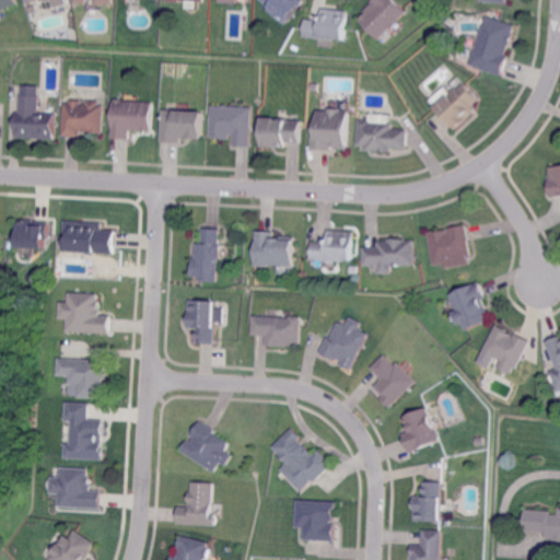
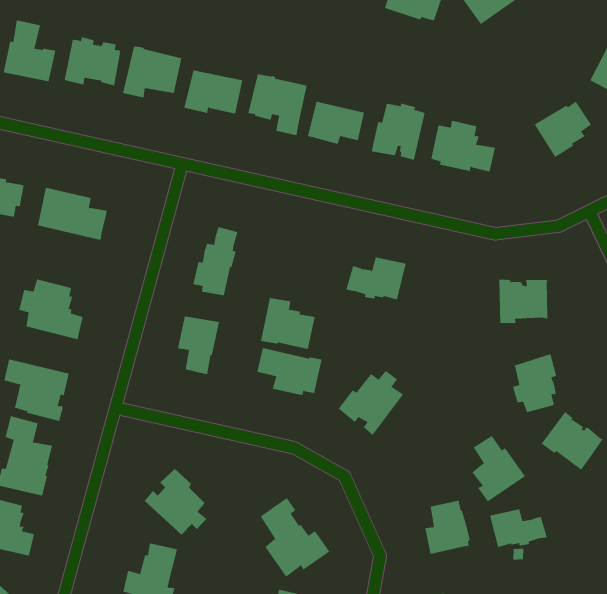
building: [252,232,291,267] -> [260,297,315,349]
building: [359,238,411,273] -> none
building: [369,355,413,408] -> [471,435,526,502]
building: none -> [490,509,547,548]

